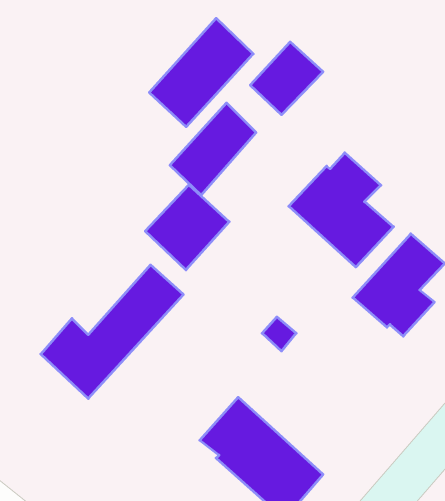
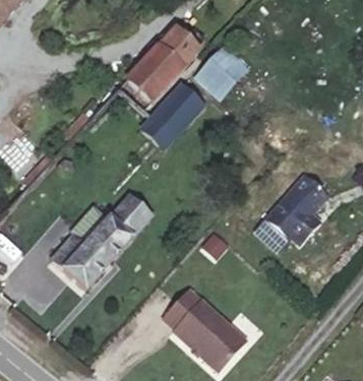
building: [289,153,394,267] -> none
building: [145,185,229,270] -> none

